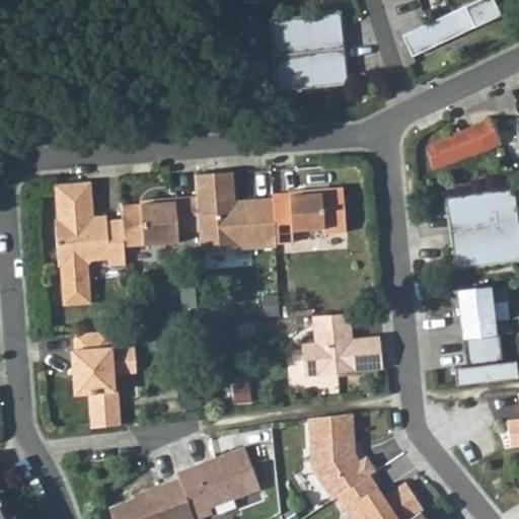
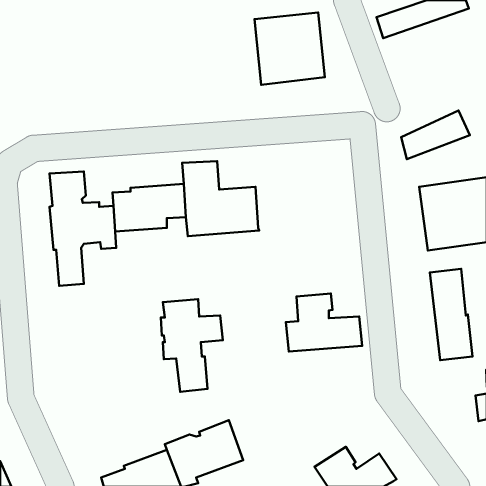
building: [273,186,347,243] -> none
building: [71,331,137,430] -> [161,299,223,392]
building: [307,415,375,501] -> none

